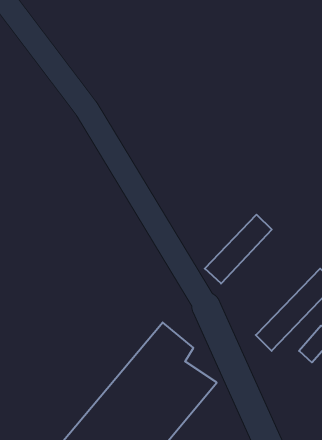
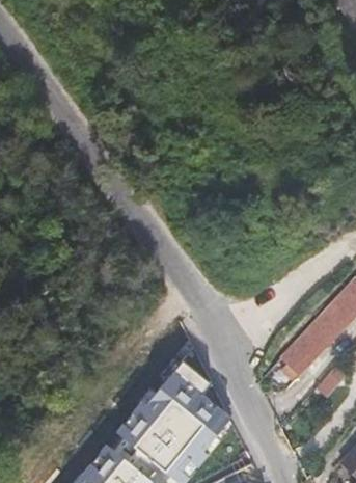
building: [205,215,272,284] -> none

